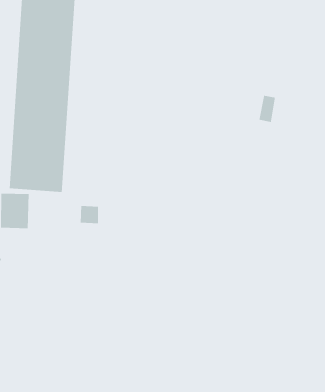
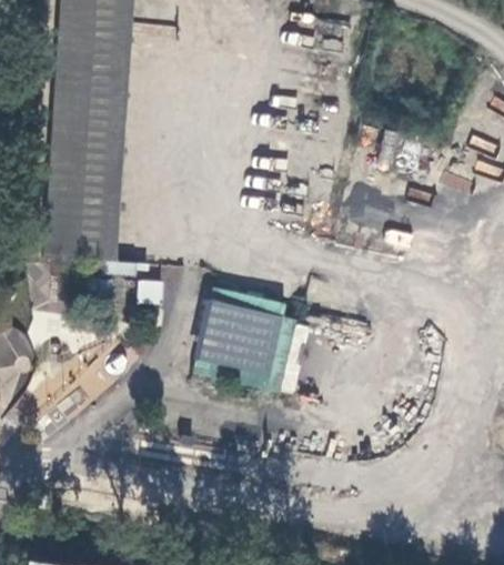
building: none -> [193,287,308,393]

